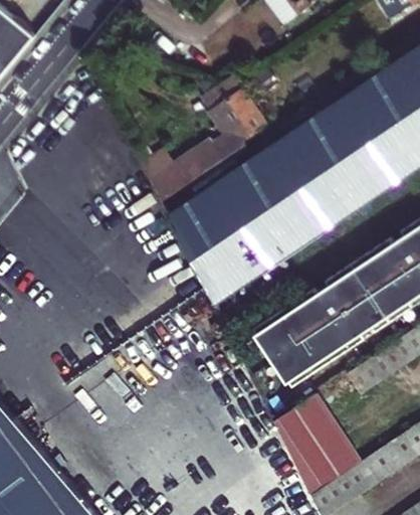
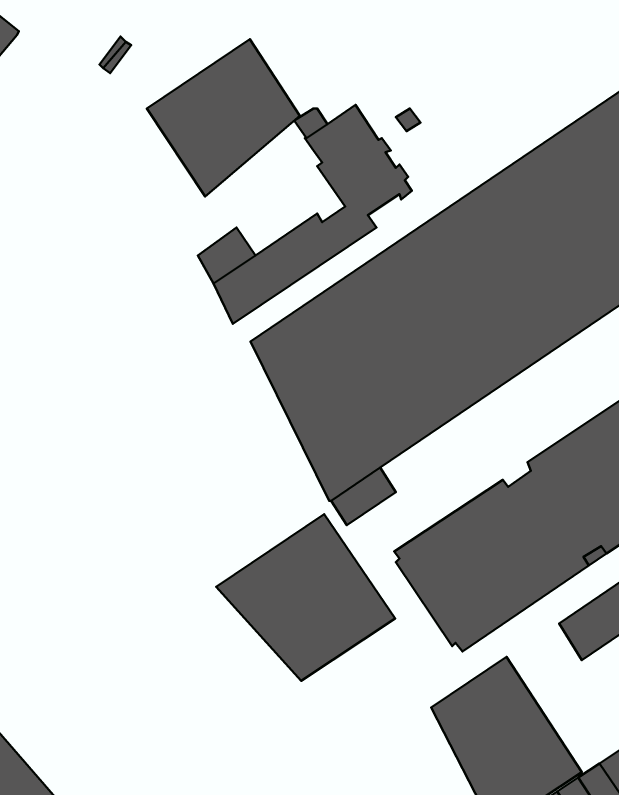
building: none -> [147,39,300,196]
building: none -> [216,514,395,681]

